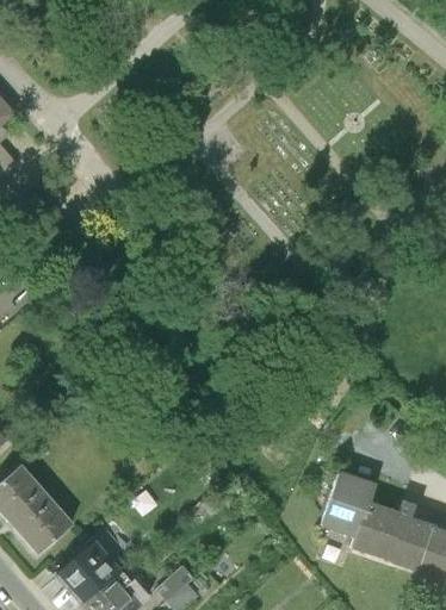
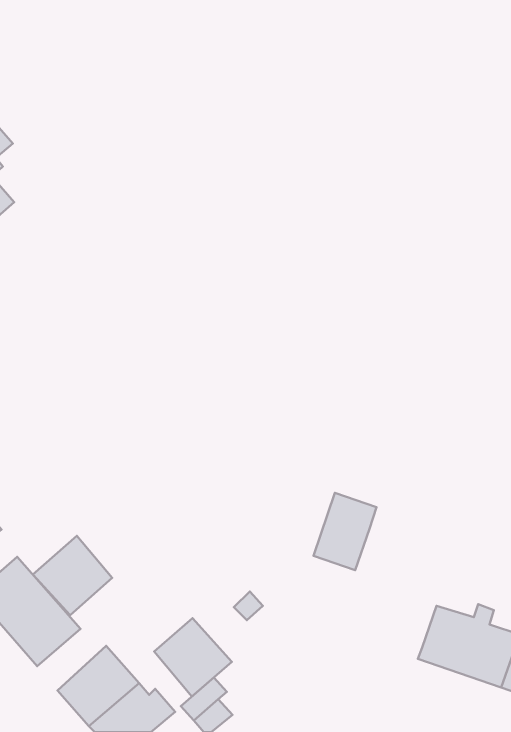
building: none -> [33,536,112,615]
building: [321,473,373,537] -> [313,493,377,570]
building: none -> [154,618,232,697]

